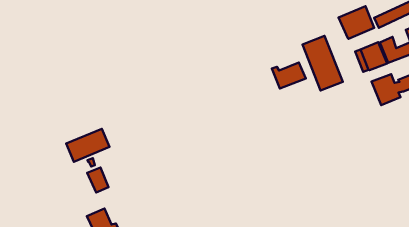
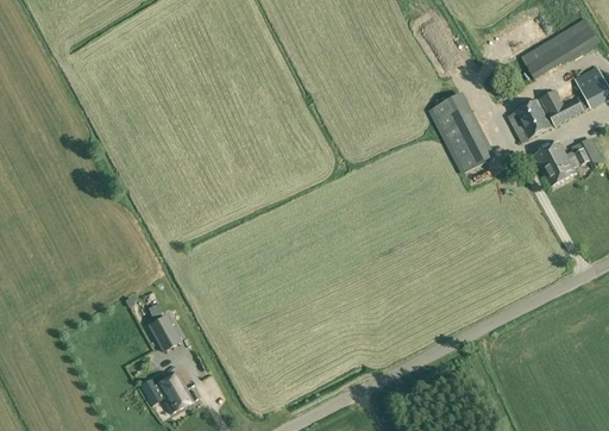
building: [338,6,374,39] -> none
building: [272,62,306,88] -> none
building: [66,129,110,162] -> none

